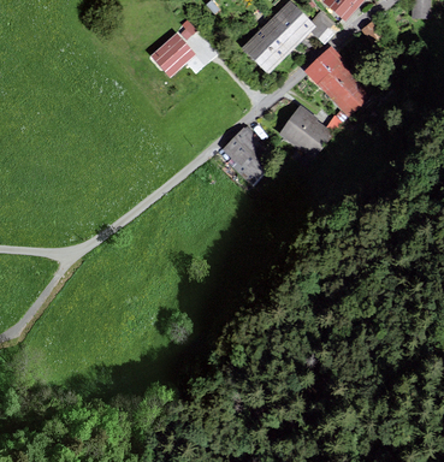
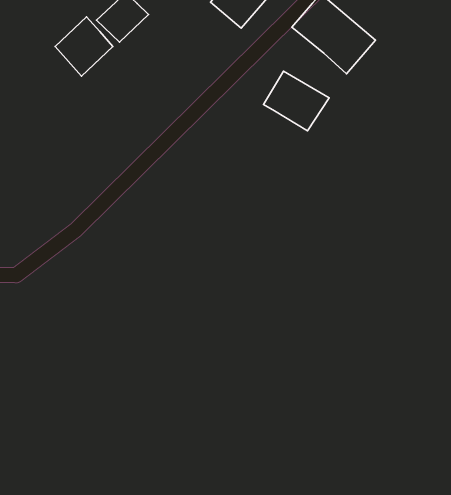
building: none -> [55,17,113,76]
building: [223,129,268,173] -> none

